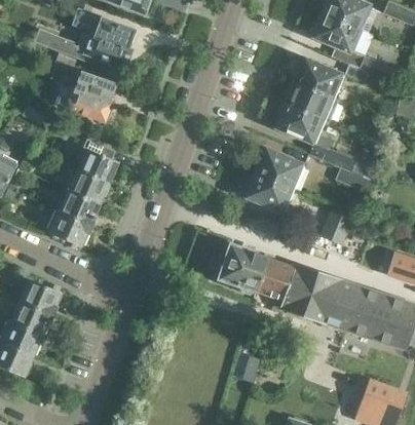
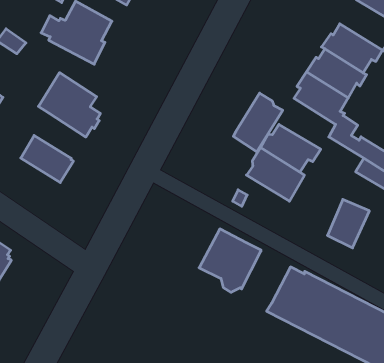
building: none -> [233,93,283,152]
building: [64,168,109,203] -> none
building: [45,209,91,248] -> none
building: [256,257,294,299] -> none

